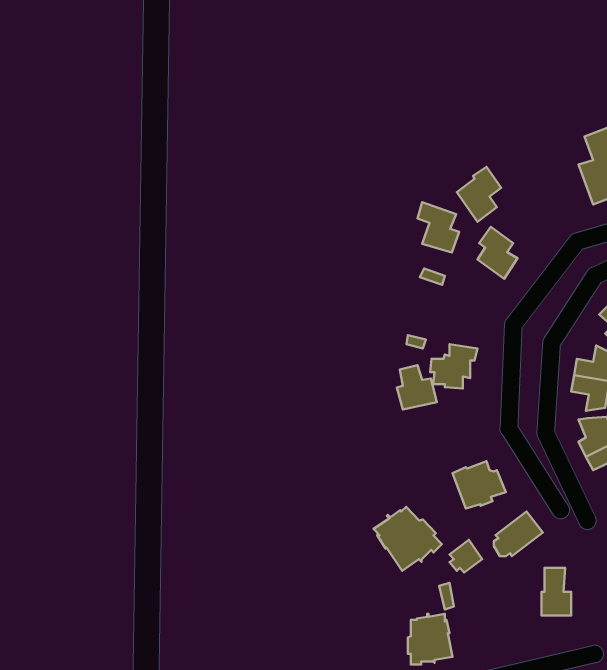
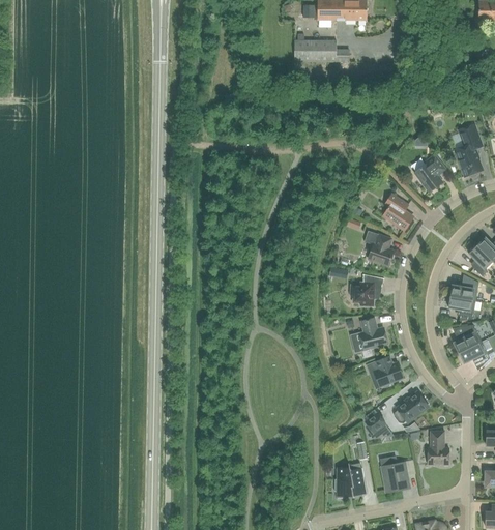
building: none -> [294,39,349,62]
building: [457,167,501,222] -> [414,154,445,193]
building: [418,202,459,253] -> [365,230,394,265]
building: [397,365,437,410] -> [359,318,387,349]
building: [373,507,442,571] -> none
building: none -> [382,463,408,489]

